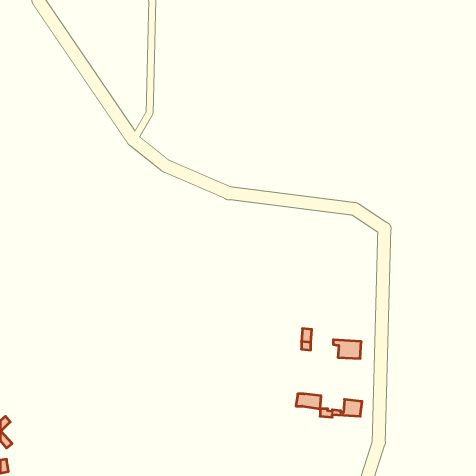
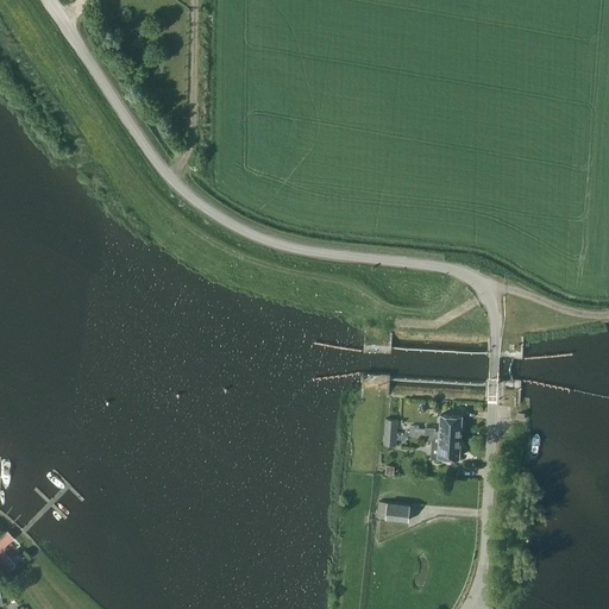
building: [320,399,362,417] -> [410,415,464,438]

